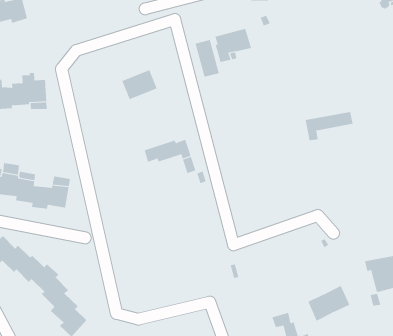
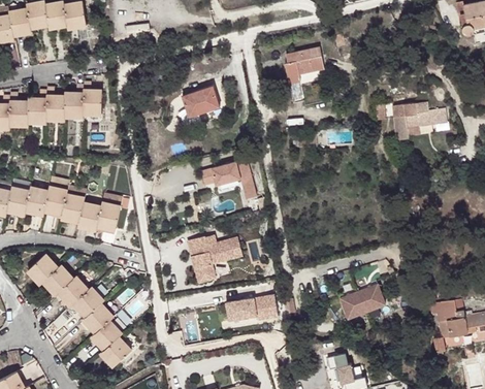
building: [195,39,220,78] -> none
building: [305,111,353,141] -> [396,109,448,138]
building: none -> [187,236,241,283]
building: none -> [225,295,278,321]
building: [307,285,350,321] -> [340,284,385,321]

